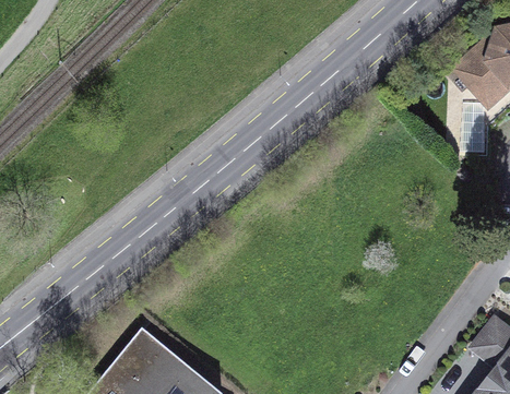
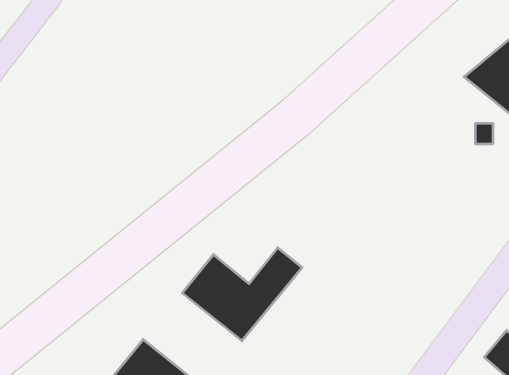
building: none -> [182,248,302,341]

